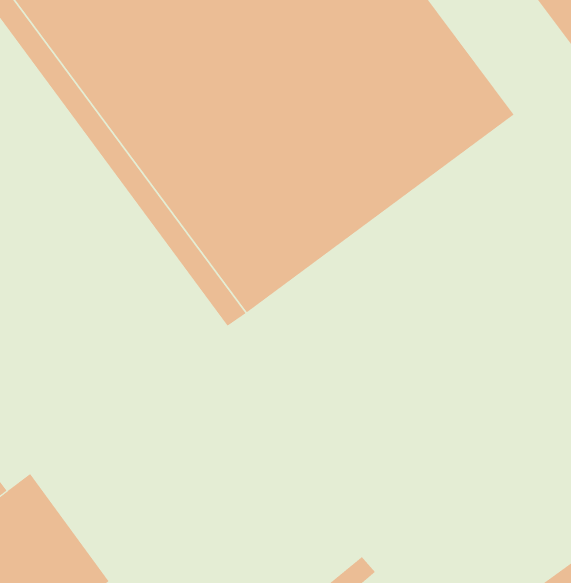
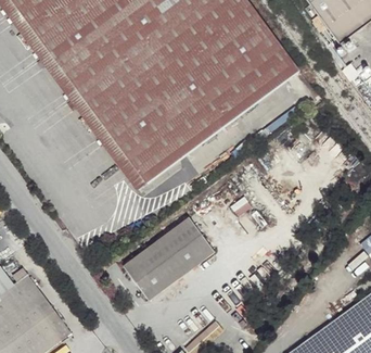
building: none -> [123,216,215,299]

